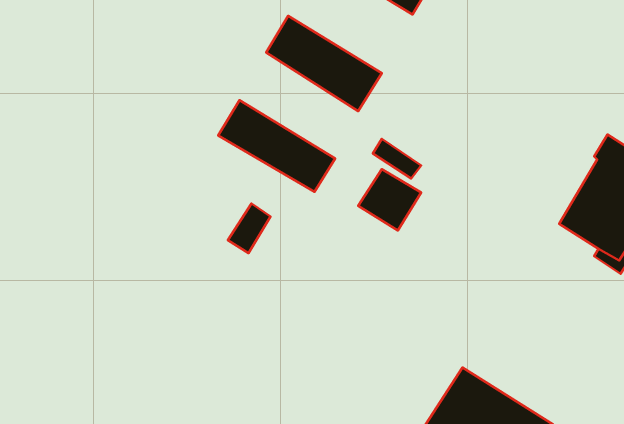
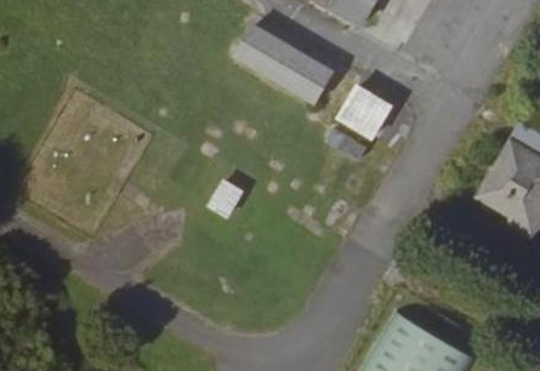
building: [218,100,335,192] -> none
building: [358,169,421,231] -> [339,86,391,137]

